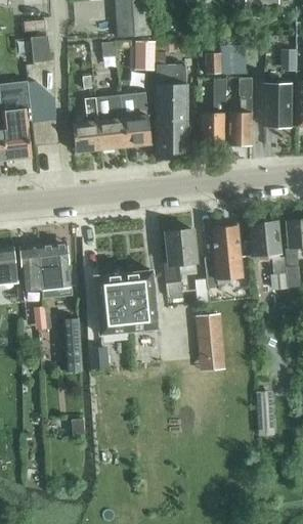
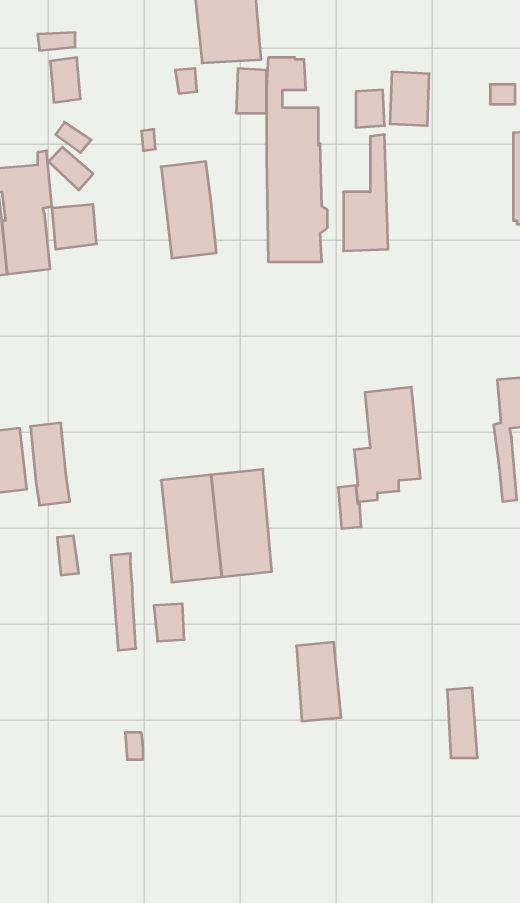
building: [227,78,251,145] -> none
building: [264,83,292,126] -> none
building: [120,92,150,146] -> none
building: [72,97,100,151] -> none
building: [248,219,290,290] -> none
building: [163,228,197,298] -> none
building: [37,241,72,289] -> none
building: [199,314,224,359] -> [296,642,341,721]

